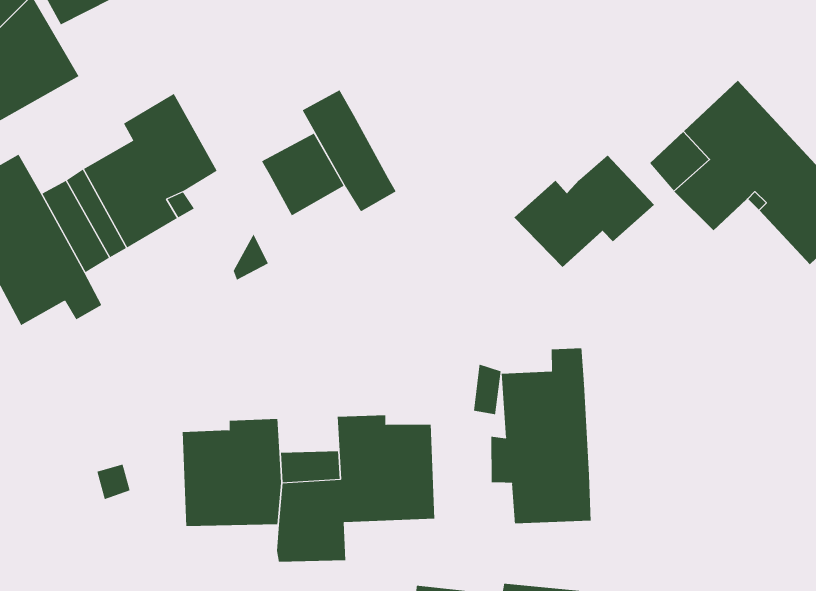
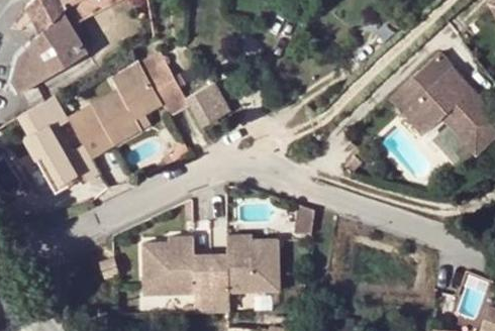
building: [302,89,397,212] -> [138,51,189,117]
building: [513,155,655,268] -> none
building: [491,348,591,524] -> none

